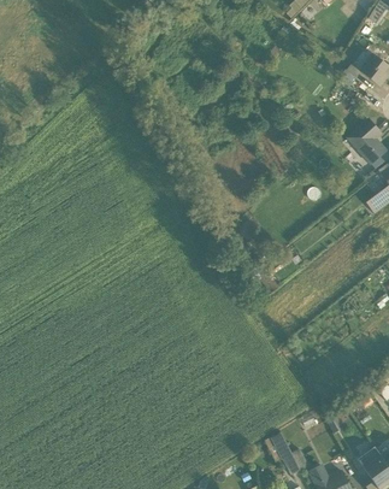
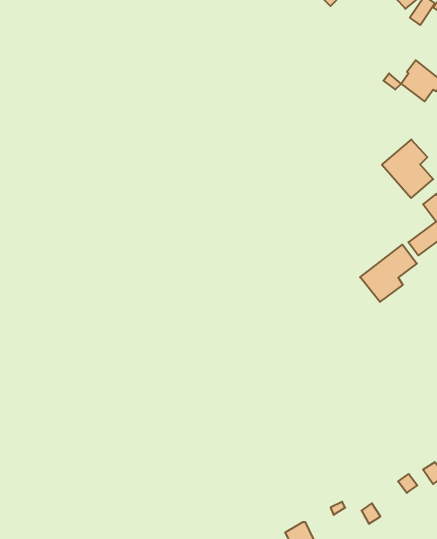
building: none -> [360,245,417,302]

